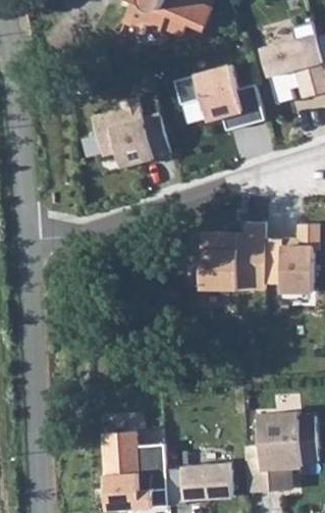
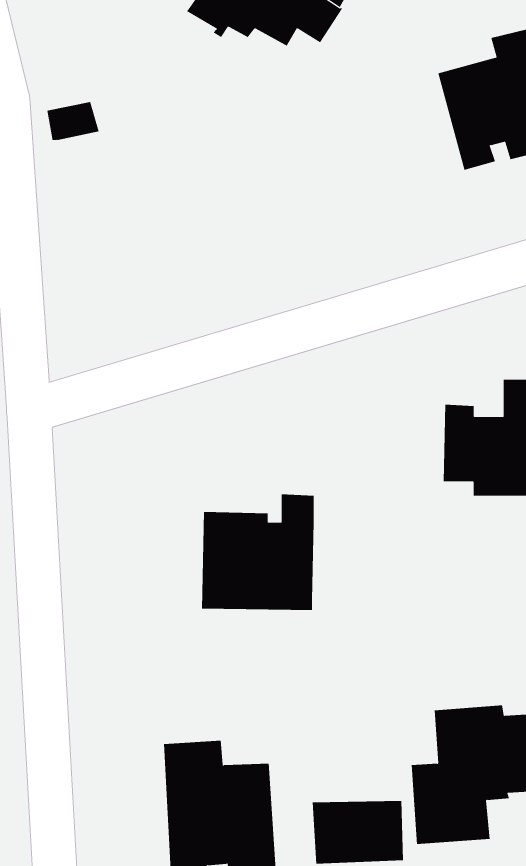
building: [174,66,265,125] -> none
building: [92,97,170,163] -> none
building: [200,222,265,290] -> [201,494,314,611]

